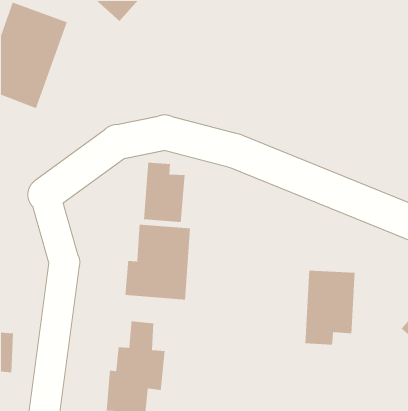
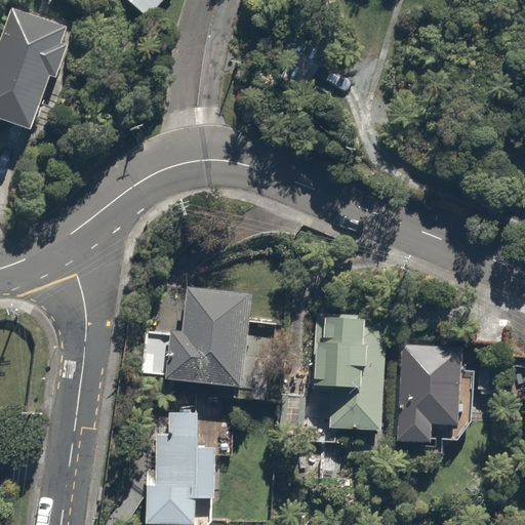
building: [143,162,186,223] -> none
building: none -> [304,314,387,436]

